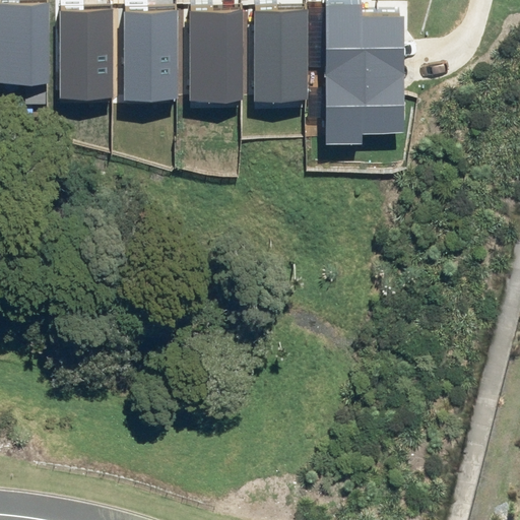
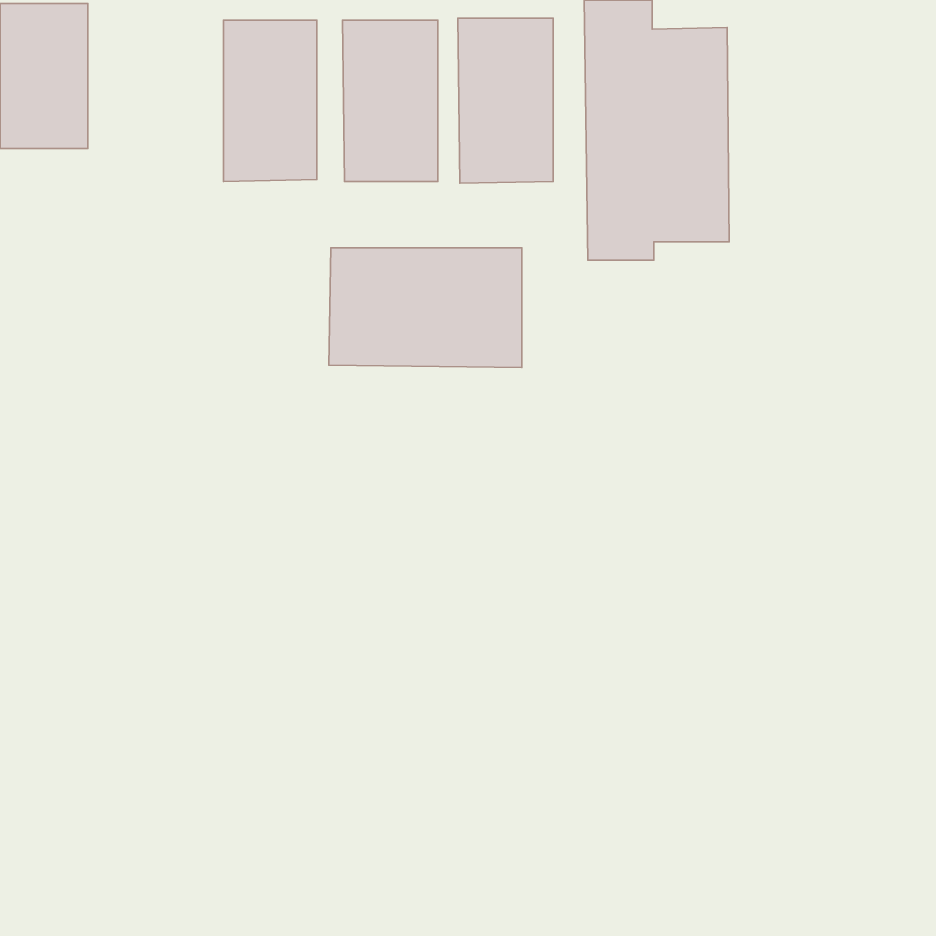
building: [60,10,113,99] -> none
building: none -> [329,248,522,368]

